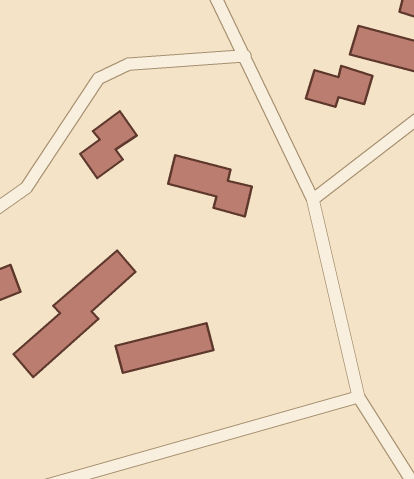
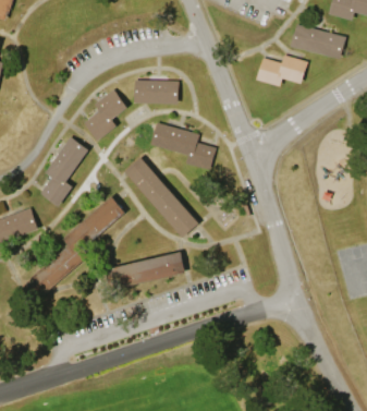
building: none -> [134,81,178,104]
building: none -> [39,137,88,207]
building: none -> [123,158,198,238]

